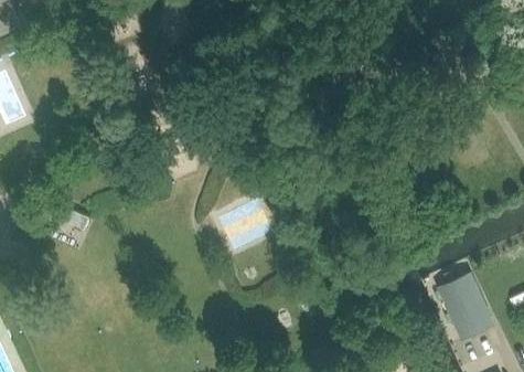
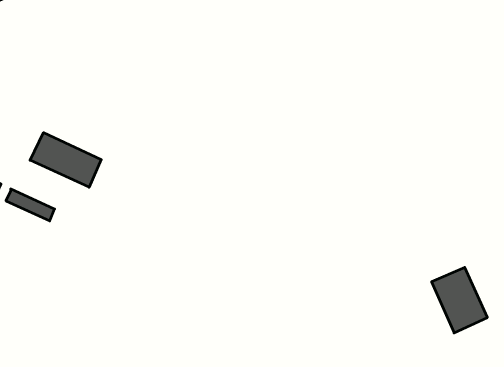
building: none -> [30,133,101,187]

